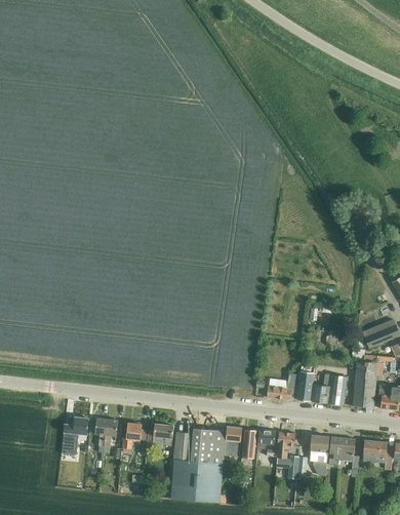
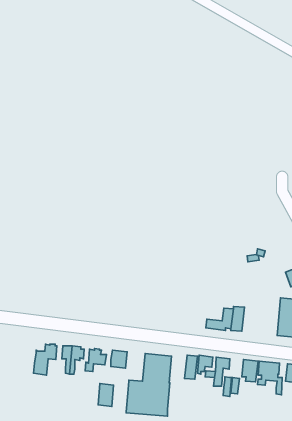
building: [312,373,347,405] -> none
building: [225,427,241,457] -> none
building: [174,432,193,460] -> [98,383,114,407]

